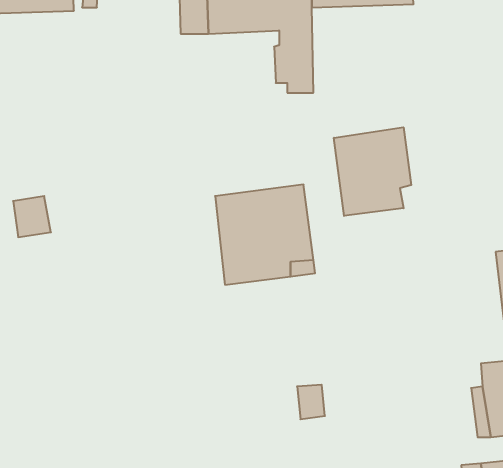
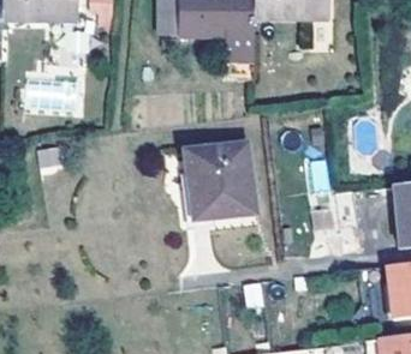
building: [334,127,411,216] -> none

